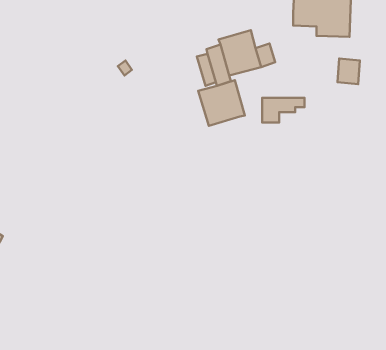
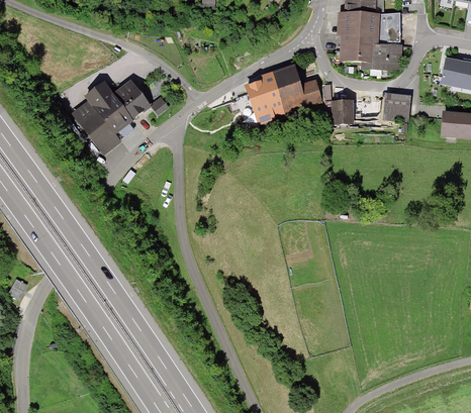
building: none -> [73,79,149,151]
building: [198,80,245,126] -> none
building: [262,98,305,122] -> [333,100,378,126]

